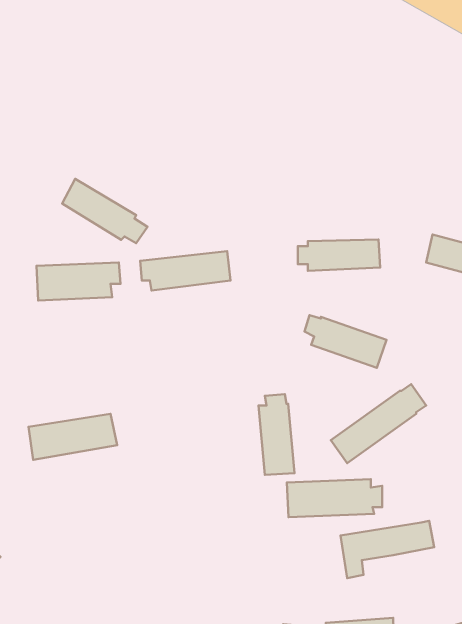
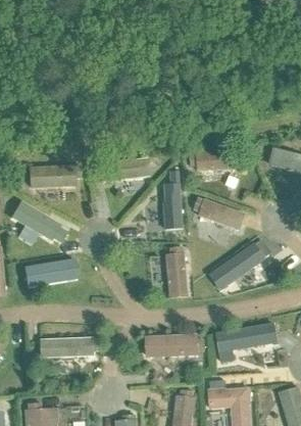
building: [62,179,148,243] -> [12,201,65,241]
building: none -> [162,172,184,229]
building: [287,479,382,517] -> [146,333,205,357]
building: none -> [41,337,101,358]

